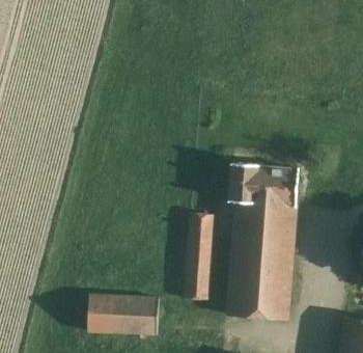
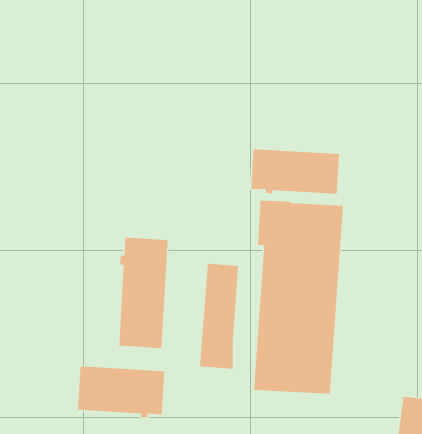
building: none -> [251,148,340,194]
building: none -> [118,237,168,349]

